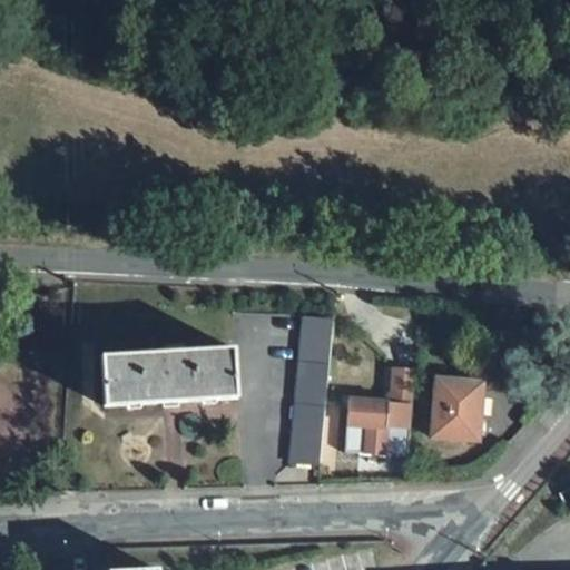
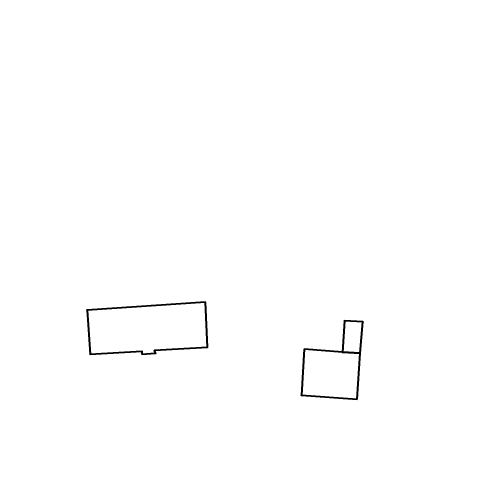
building: [288,315,332,463] -> none
building: [430,375,482,438] -> none

